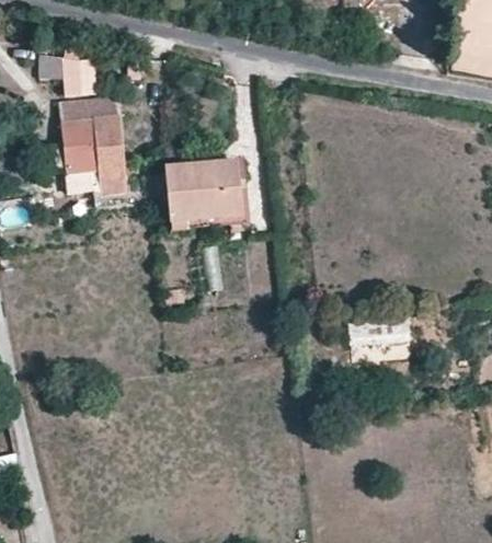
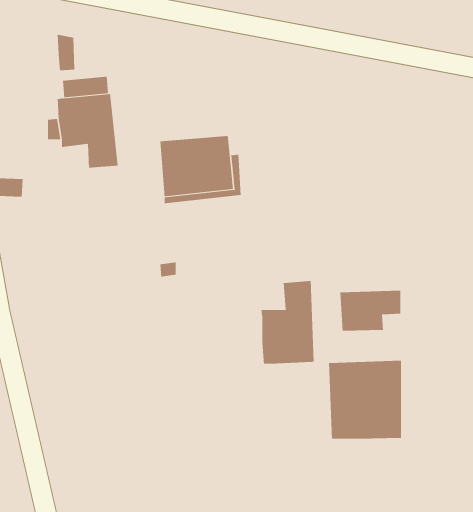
building: none -> [261,280,314,365]
building: none -> [329,360,402,440]

